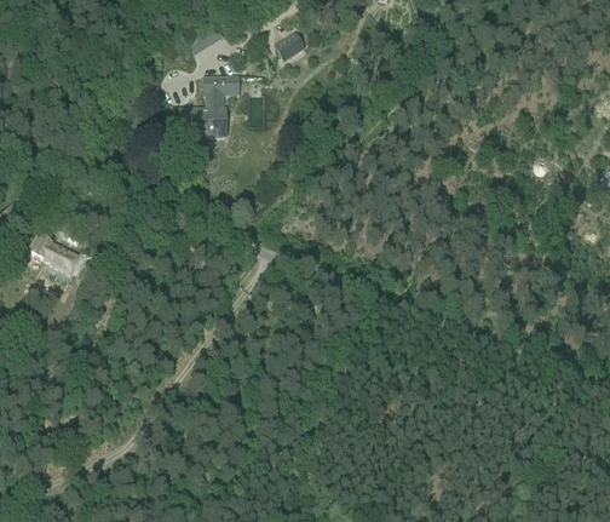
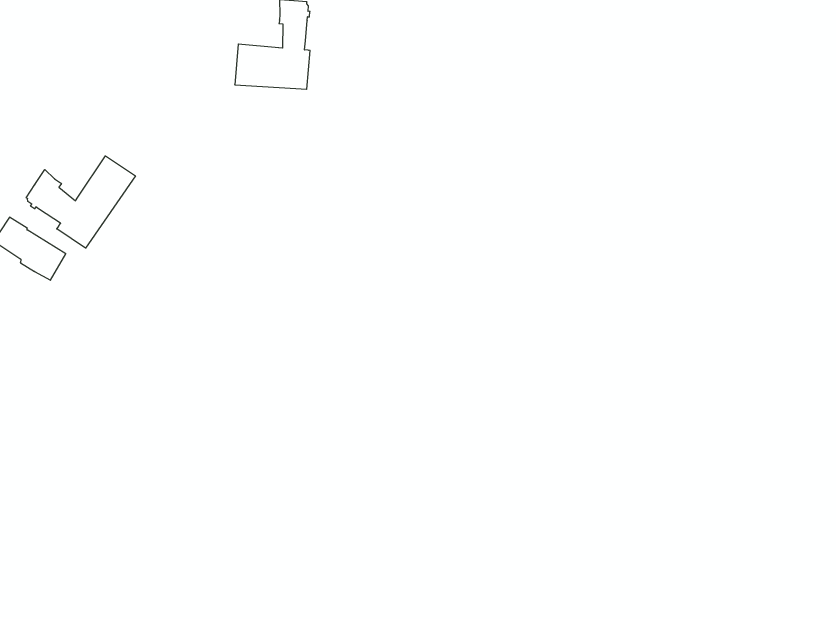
building: none -> [26,156,135,248]

